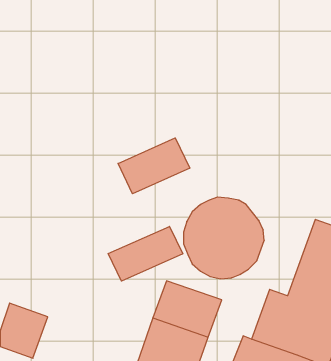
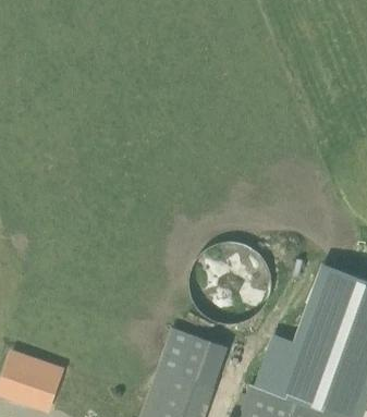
building: [118,138,190,194] -> none
building: [108,226,183,281] -> none

